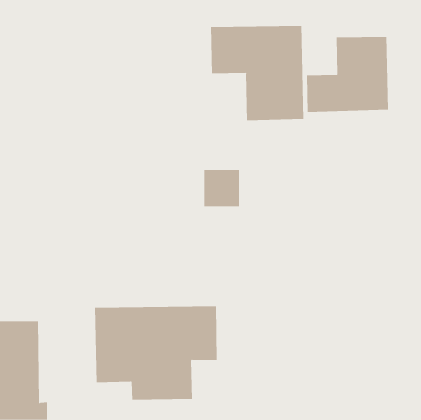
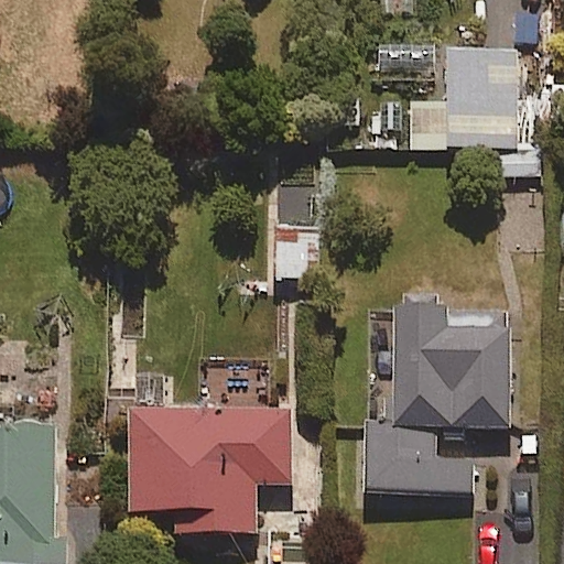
building: [210,25,304,121] -> none
building: none -> [362,301,512,497]

